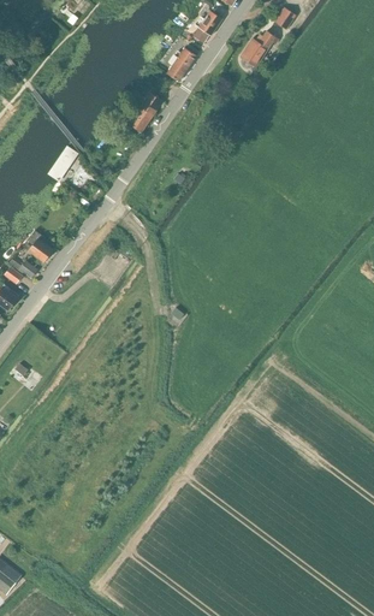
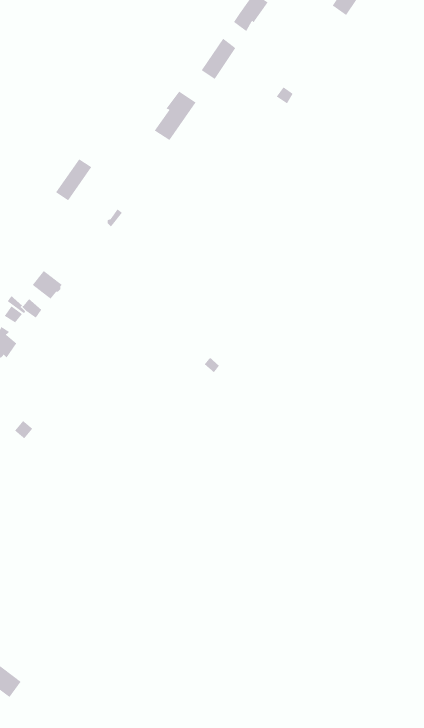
building: [241,30,278,66] -> none

